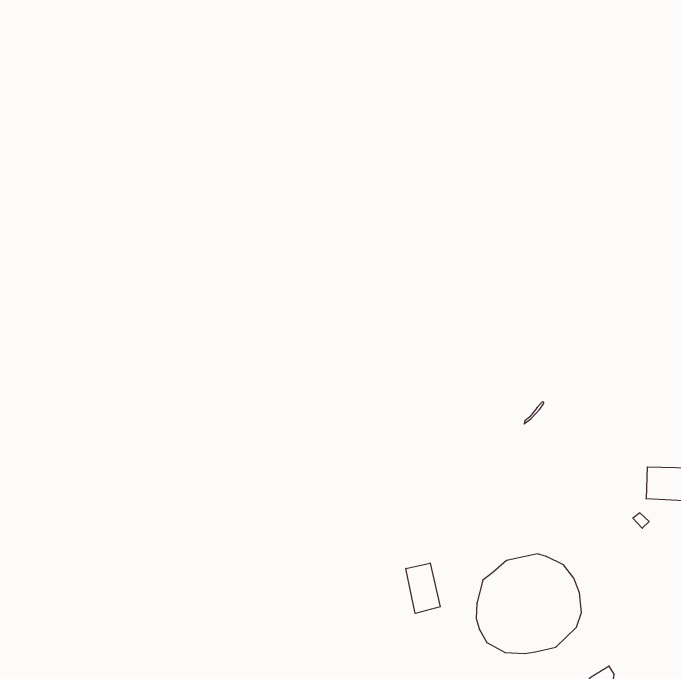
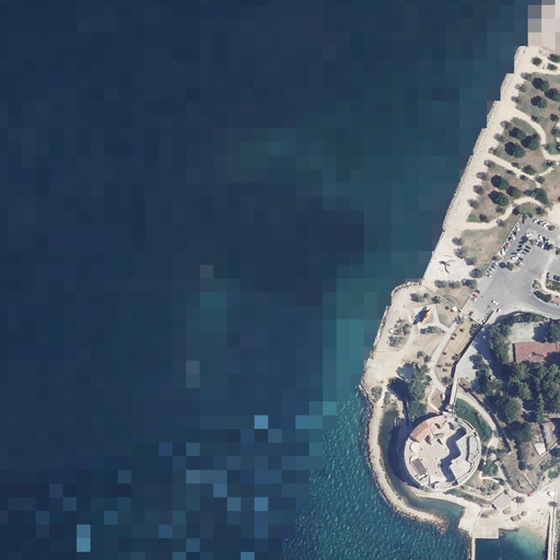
building: [406,563,440,613] -> none

